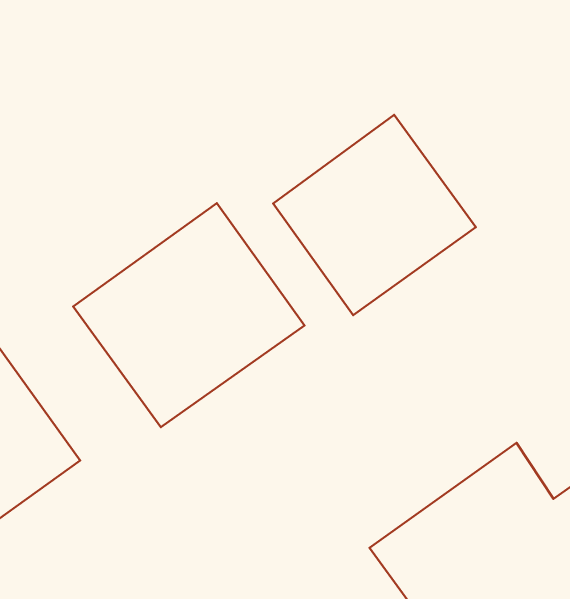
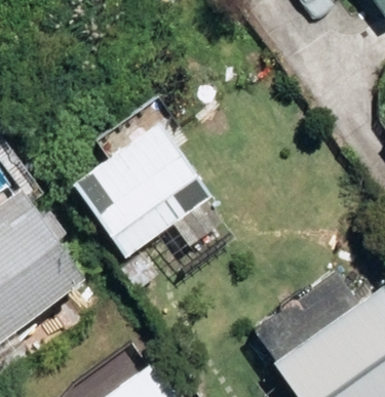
building: [273,115,476,315] -> none

